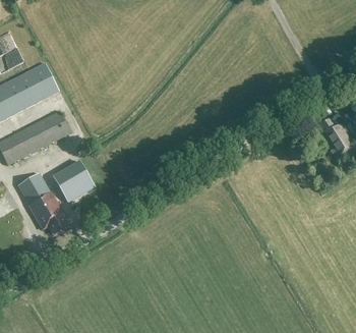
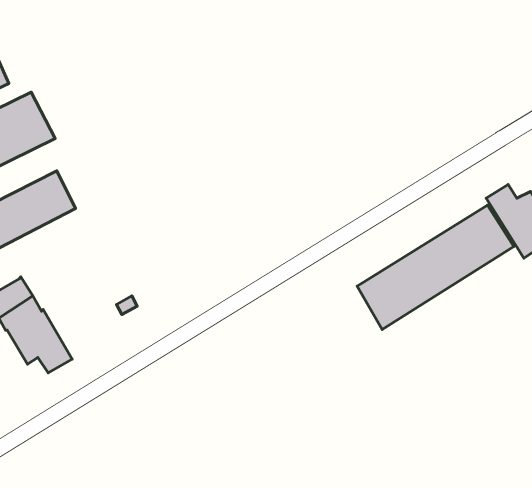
building: none -> [357,205,514,329]
building: [53,162,94,202] -> none

